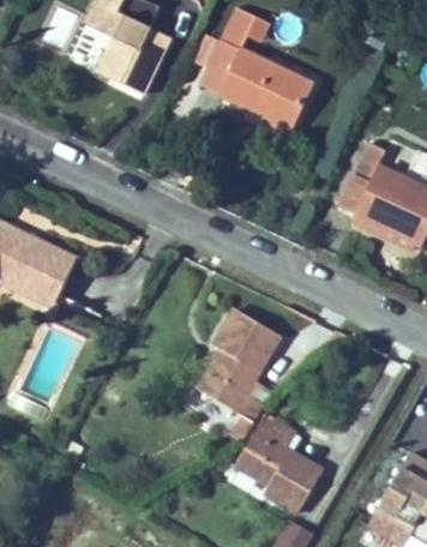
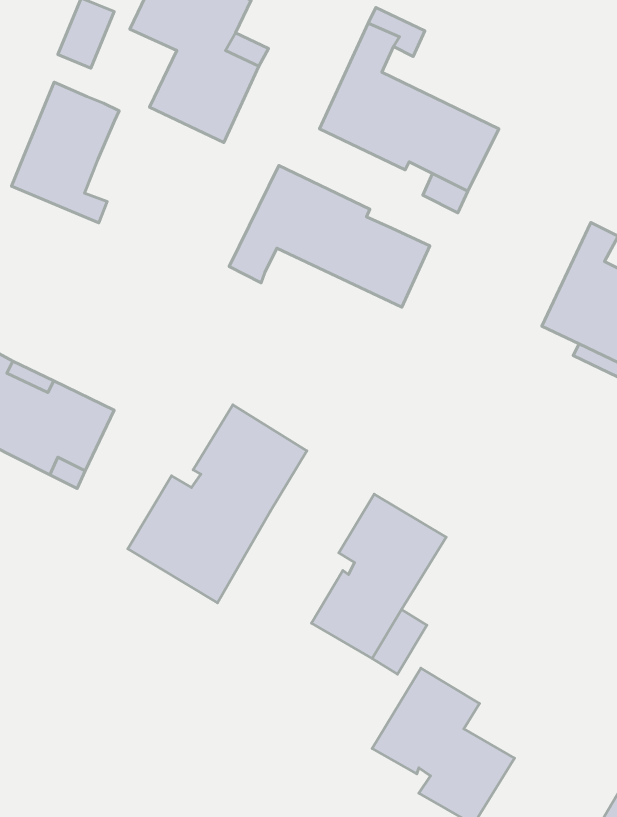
building: none -> [11,82,119,223]
building: none -> [229,165,430,307]
building: none -> [128,405,307,603]

